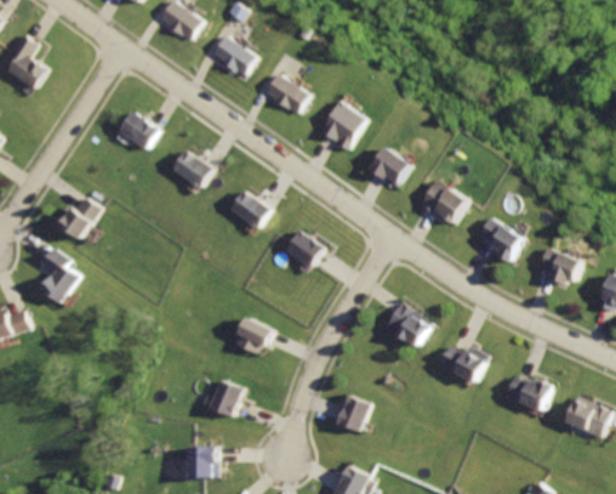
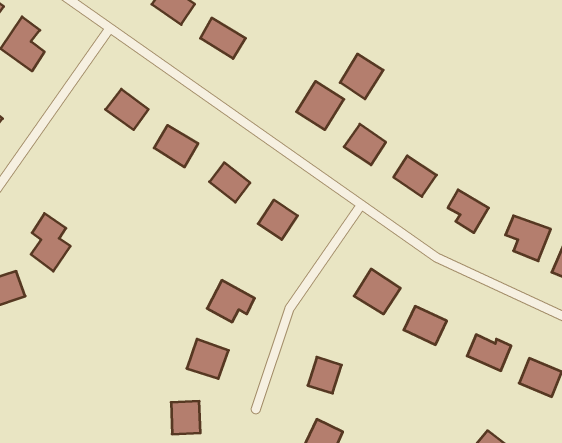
building: none -> [340,54,383,99]
building: [267,73,314,115] -> none
building: [55,197,102,244] -> none

